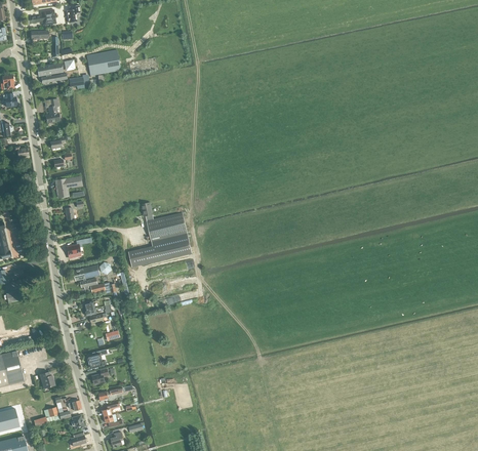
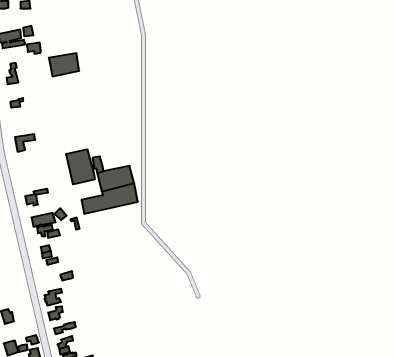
building: [85,49,119,75] -> [49,53,79,76]
building: none -> [66,149,95,184]

